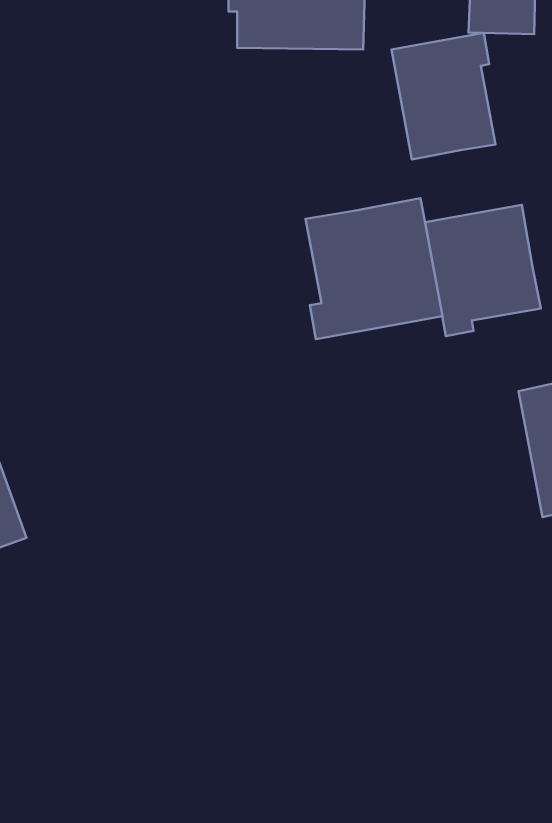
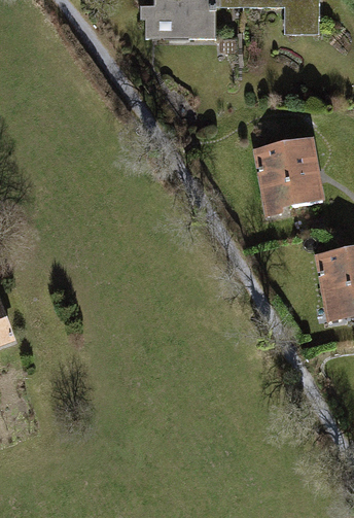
building: [391,33,496,160] -> none
building: [305,198,442,339] -> none

